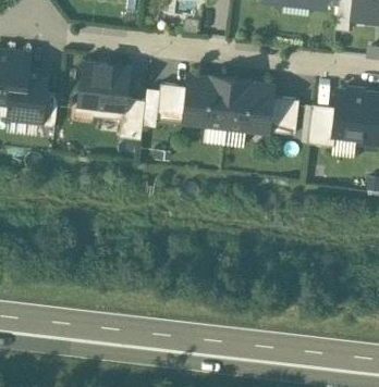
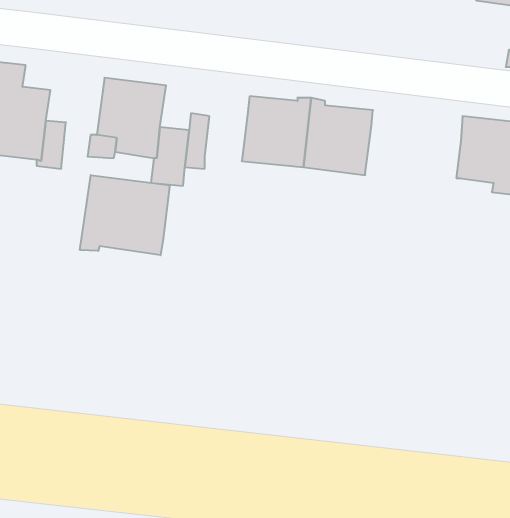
building: [156,84,186,122] -> none
building: [269,97,298,135] -> none
building: [307,104,337,147] -> none
building: none -> [80,175,170,255]

